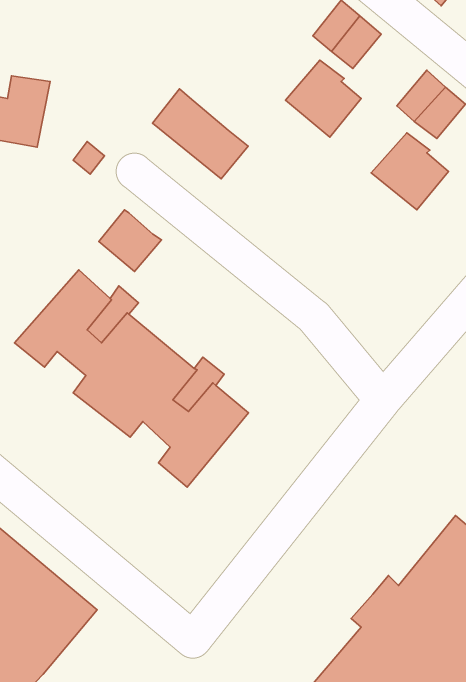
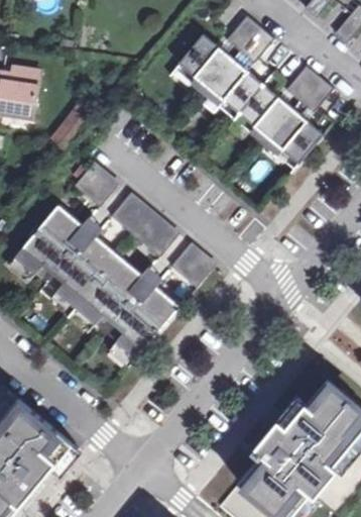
building: none -> [179,35,231,86]
building: [152,89,248,179] -> [111,194,178,257]
building: none -> [238,85,292,137]
building: none -> [171,243,216,288]

